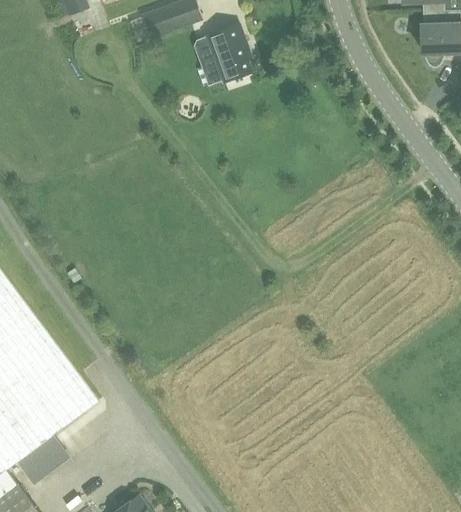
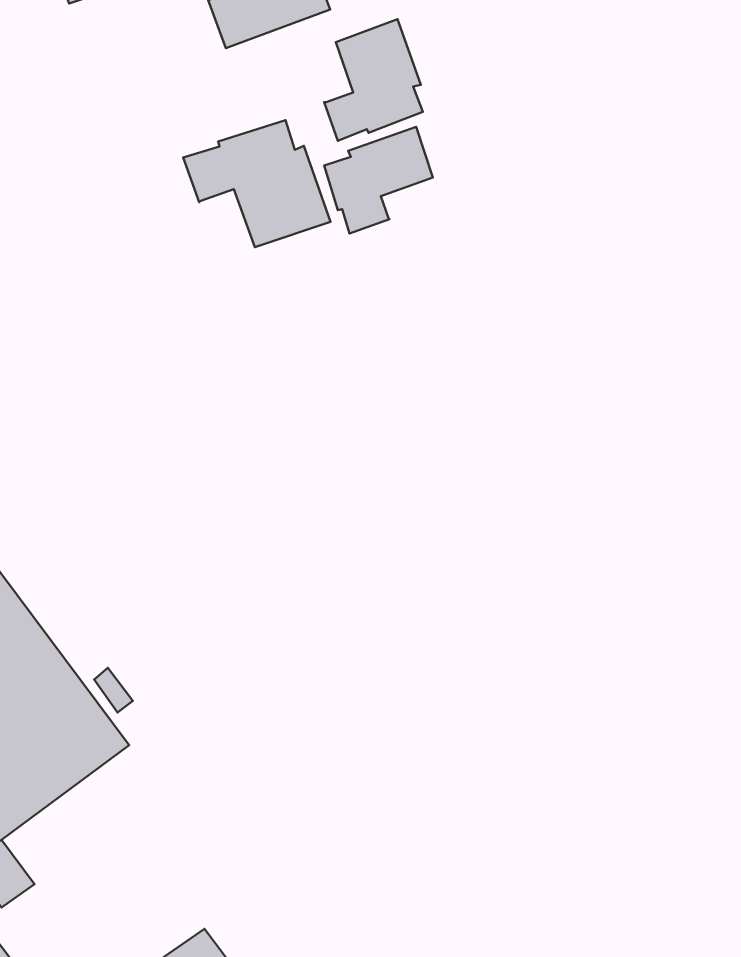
building: none -> [183,120,331,247]
building: none -> [324,127,433,233]

